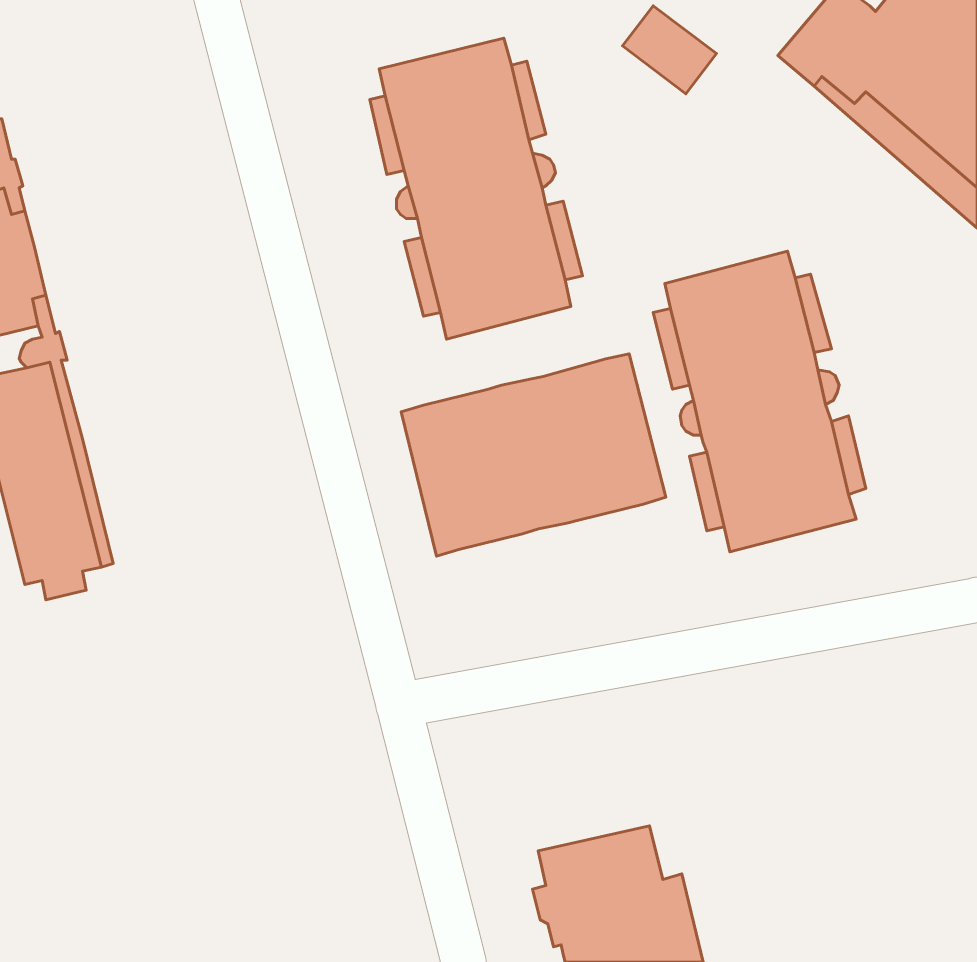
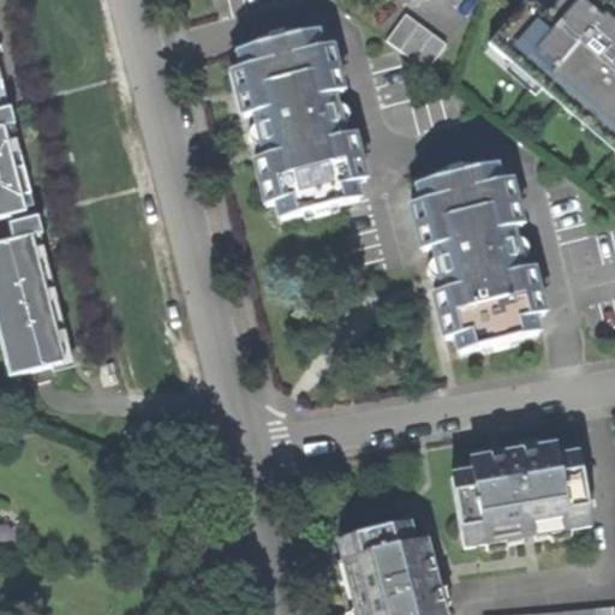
building: [401,354,666,556] -> none
building: none -> [449,441,590,545]

